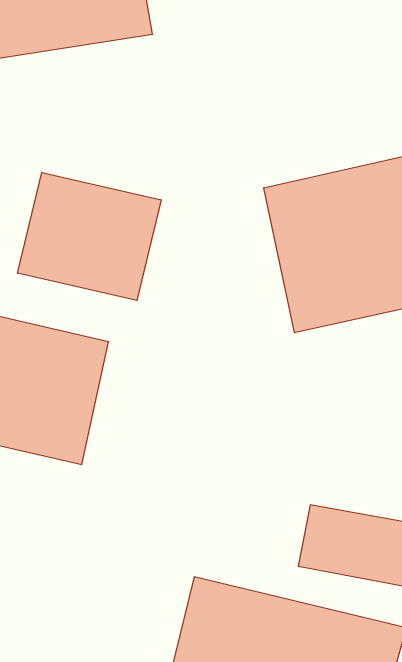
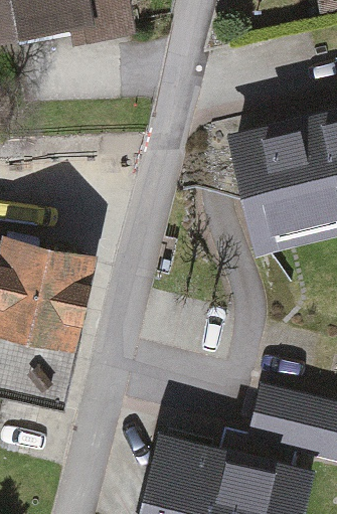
building: [18,172,161,301] -> none

